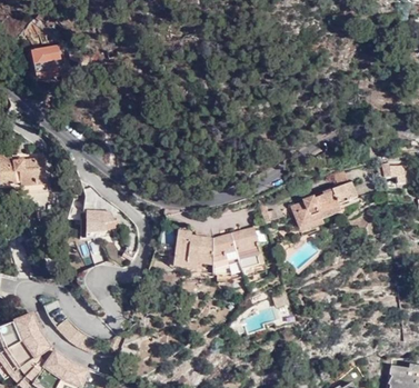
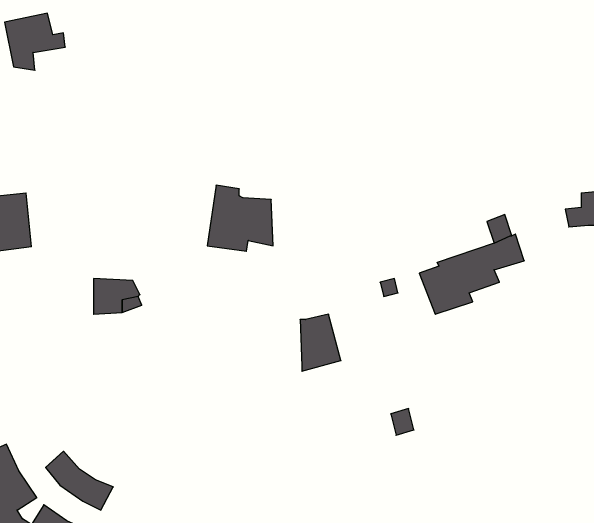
building: [231,225,265,268] -> none
building: [173,226,215,267] -> [207,185,273,251]

